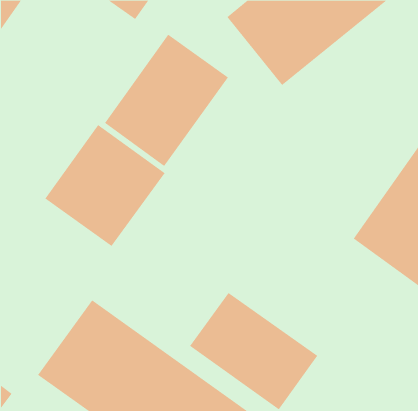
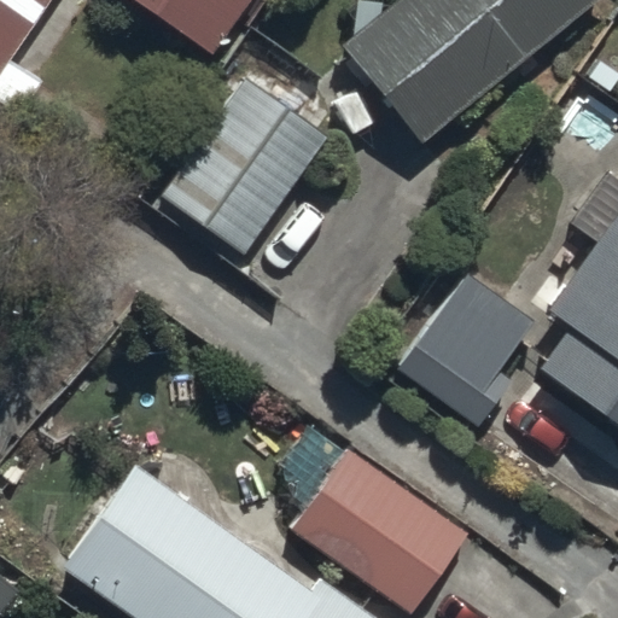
building: [44,124,166,247] -> none
building: none -> [395,272,543,426]

